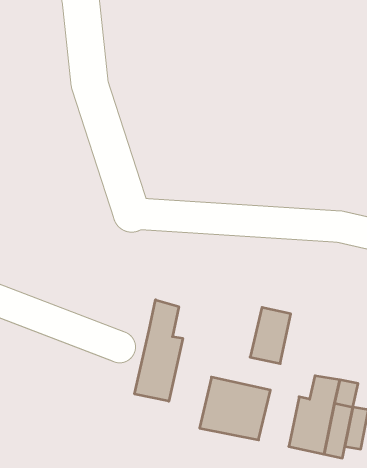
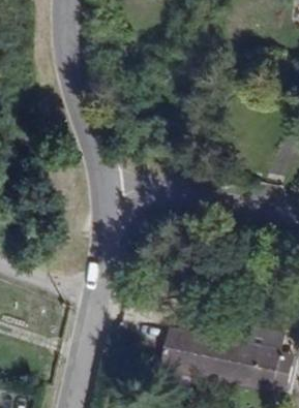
building: [135,300,183,401] -> none
building: [250,307,291,364] -> [206,338,238,382]

